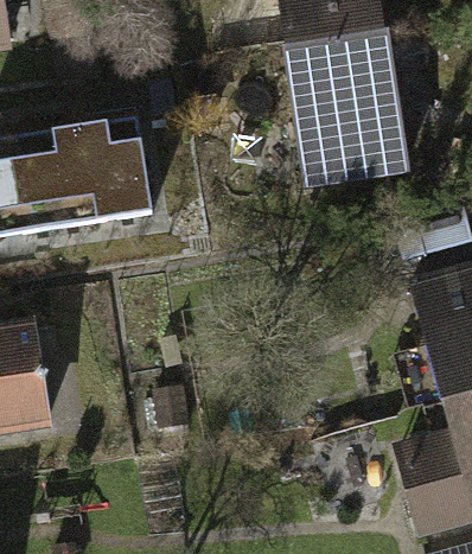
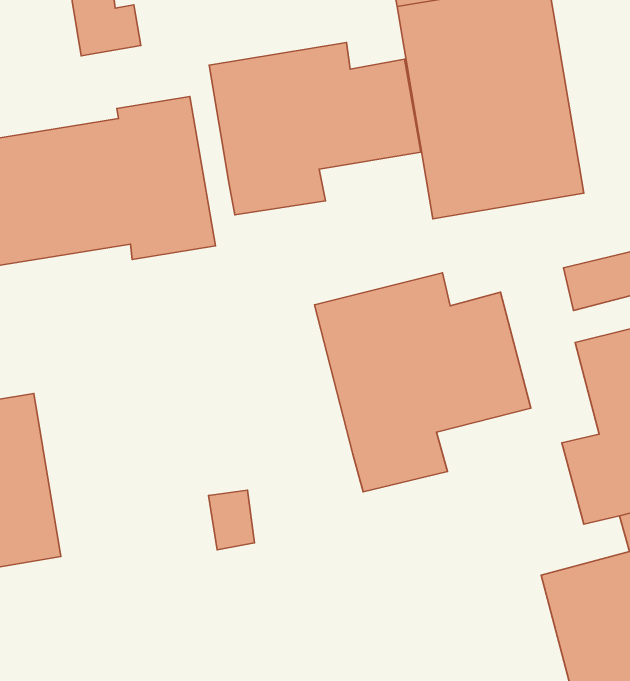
building: none -> [209,43,421,215]
building: none -> [315,273,531,492]

